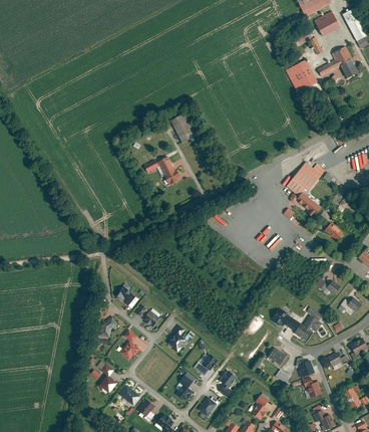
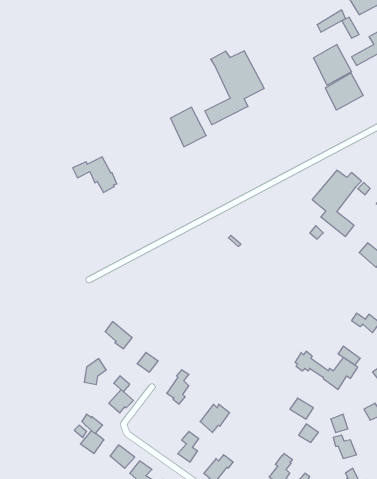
building: none -> [205,51,264,125]
building: none -> [325,73,363,110]
building: [144,156,180,185] -> [73,157,117,193]

